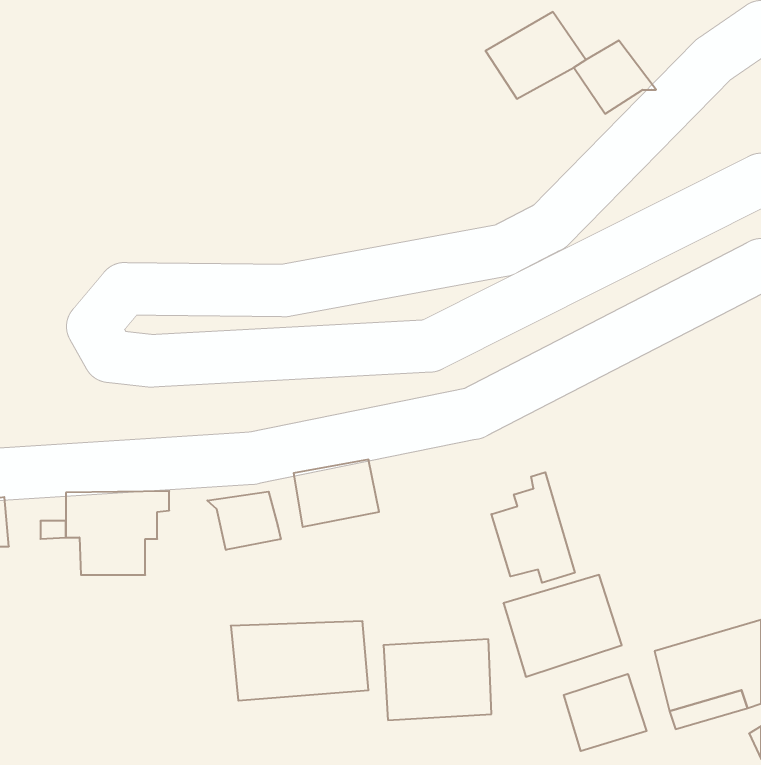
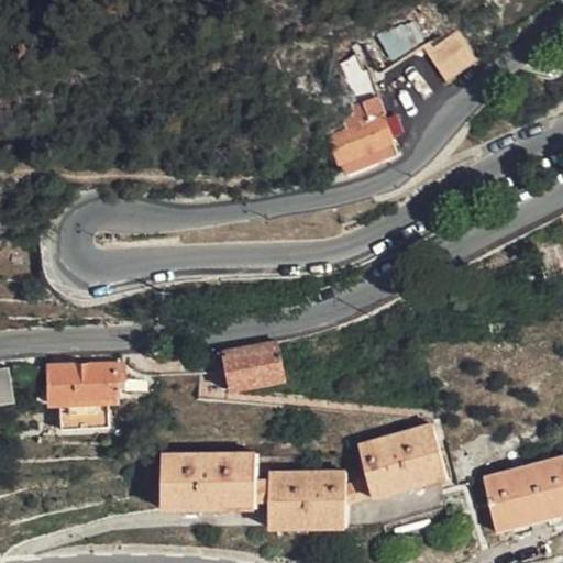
building: none -> [323,69,396,170]
building: [491,472,575,583] -> none
building: [207,492,281,550] -> none
building: [564,674,647,751] -> none

